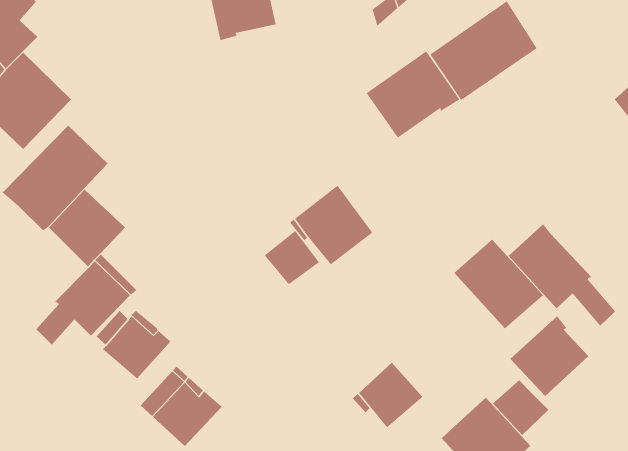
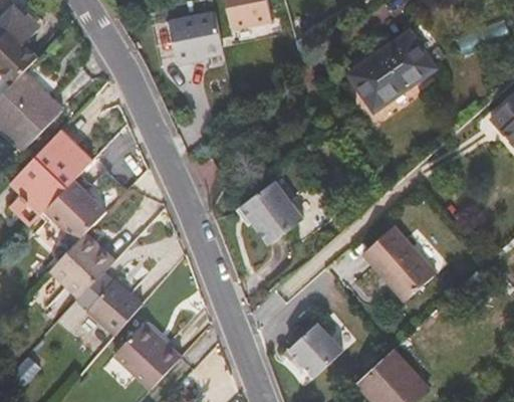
building: [366,51,460,139] -> none
building: [508,224,616,326] -> none
building: [264,230,320,285] -> none
building: [510,315,589,397] -> none
building: [492,380,549,436] -> none

